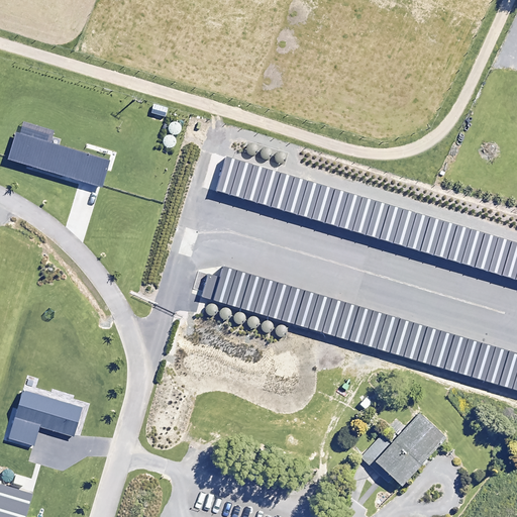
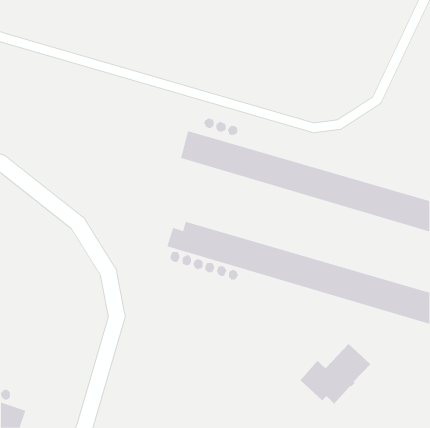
building: [8,120,111,186] -> none
building: [8,388,83,444] -> none

